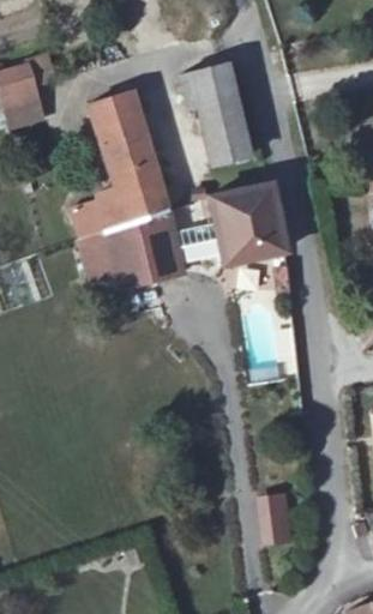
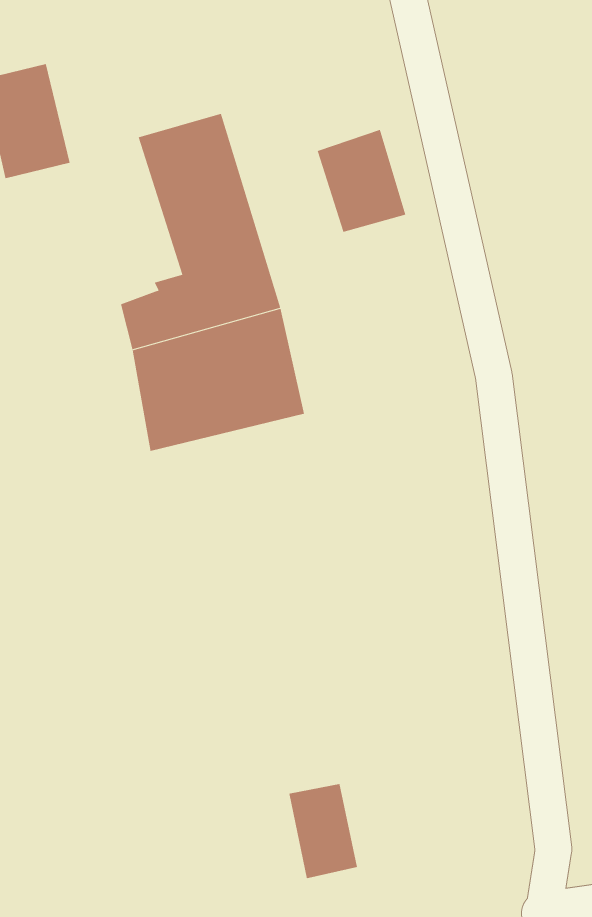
building: [175,65,231,116] -> none
building: [203,181,285,266] -> none
building: [252,490,294,548] -> [288,783,358,879]

